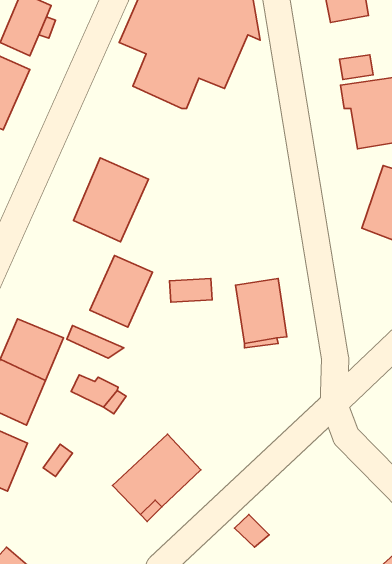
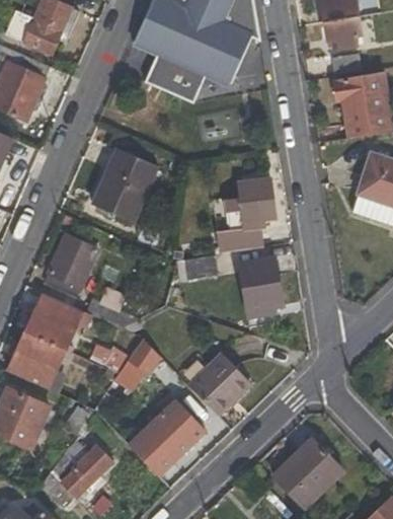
building: none -> [324,18,362,50]
building: none -> [217,176,277,253]
building: [90,255,152,327] -> [43,233,99,298]
building: none -> [188,354,252,416]
building: none -> [271,440,343,510]
building: none -> [43,443,113,506]

